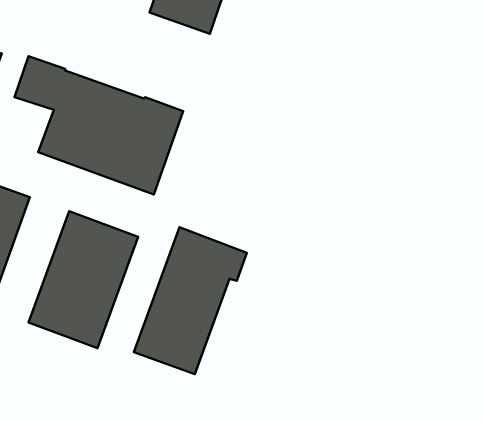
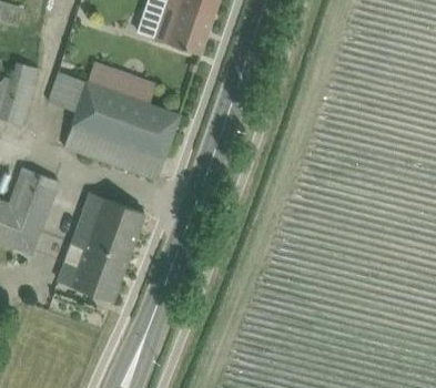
building: none -> [85,63,154,104]
building: [134,227,247,374] -> none

